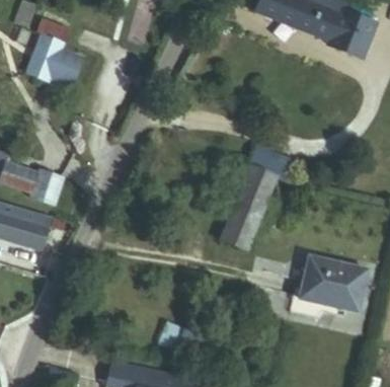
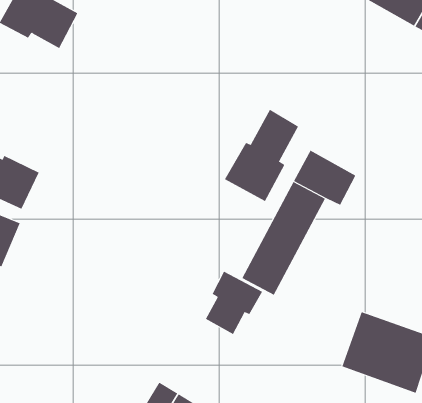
building: none -> [224,109,299,202]
building: none -> [205,271,263,335]

